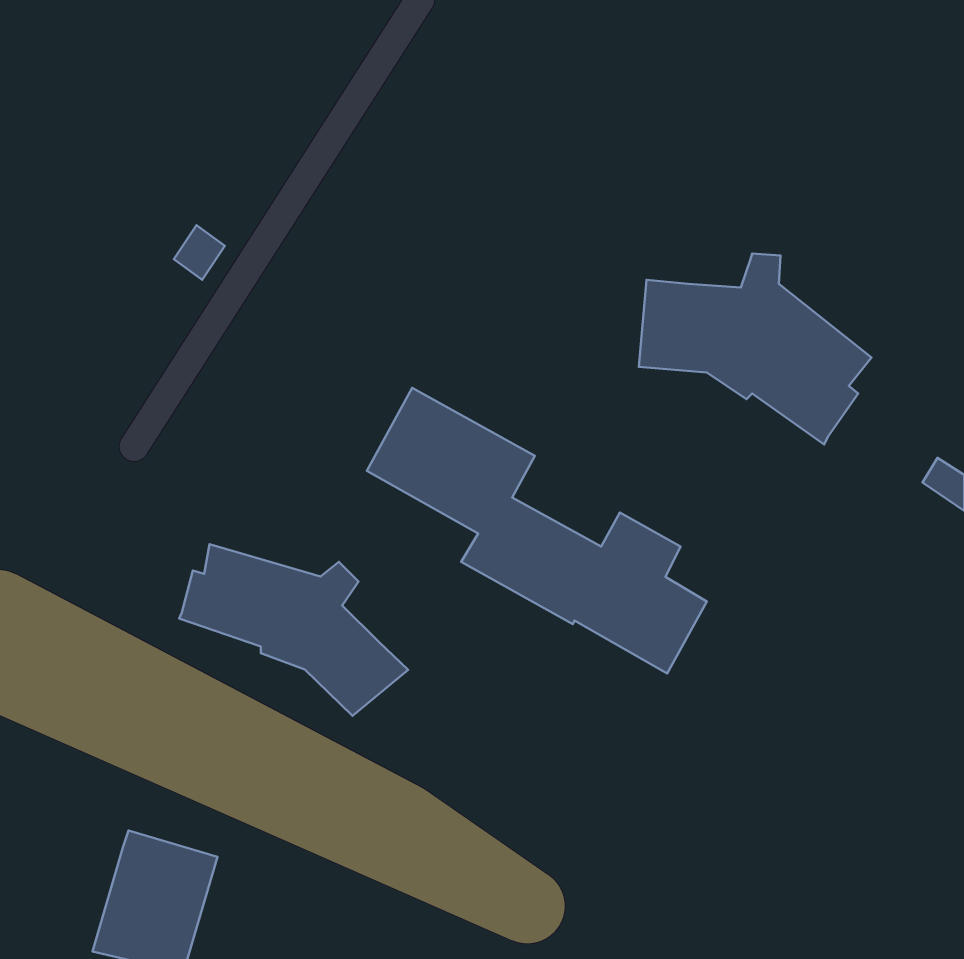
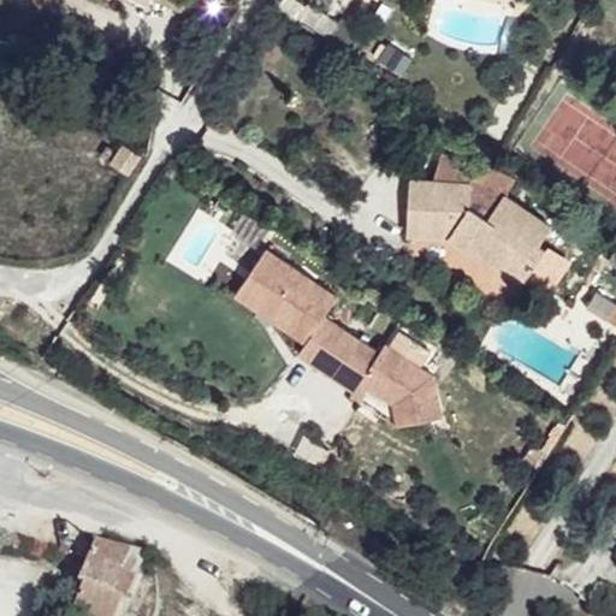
building: [179,544,408,716] -> none

